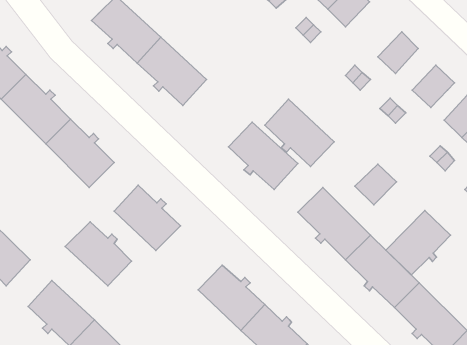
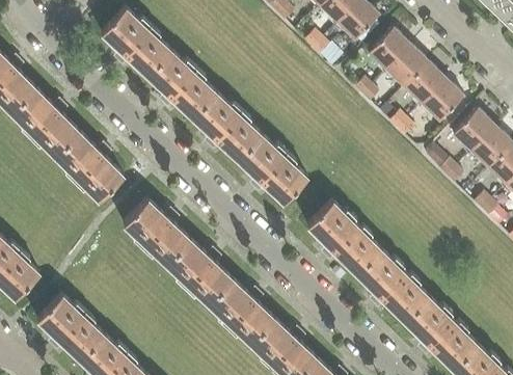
building: none -> [368,27,410,70]
building: none -> [404,61,444,103]
building: [265,99,334,167] -> [191,92,261,160]
building: [355,164,396,205] -> none
building: [386,210,450,275] -> none
building: [65,222,132,286] -> [164,239,231,303]

